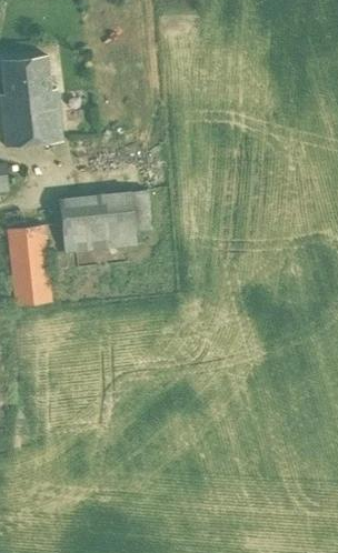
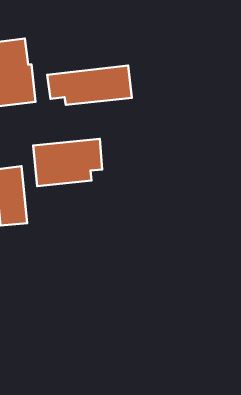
building: none -> [47,66,132,105]

